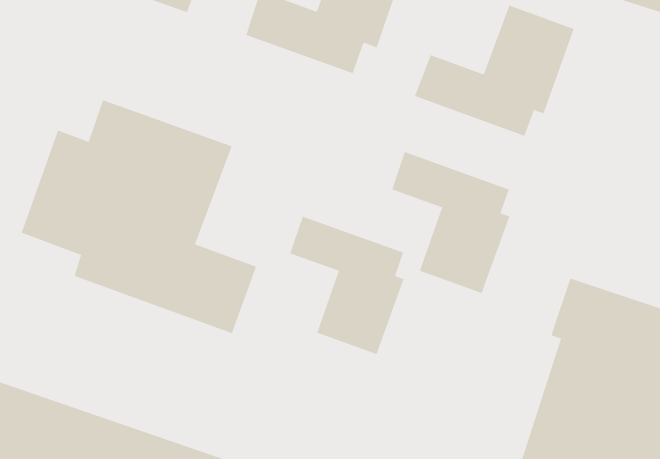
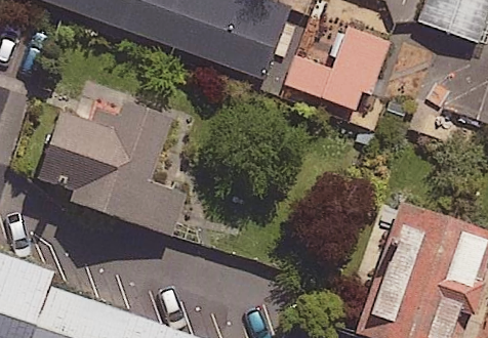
building: [391,151,510,294] -> none
building: [290,216,404,355] -> none

